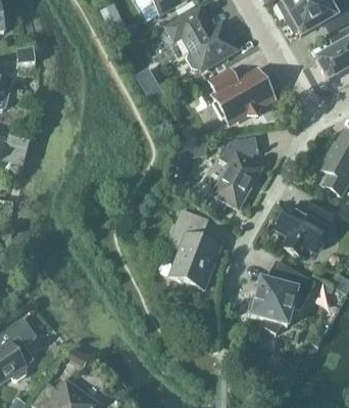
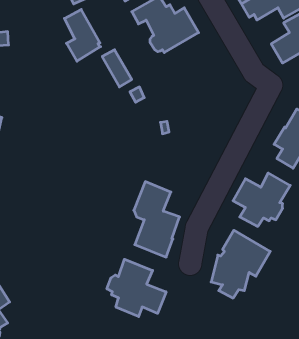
building: none -> [64,9,101,61]
building: [209,69,275,123] -> none
building: [213,136,261,207] -> none
building: none -> [107,259,166,317]

